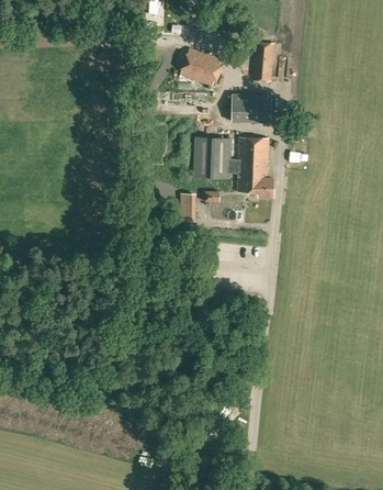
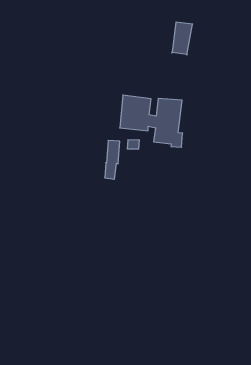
building: [180,48,222,87] -> none
building: [232,94,271,123] -> none

